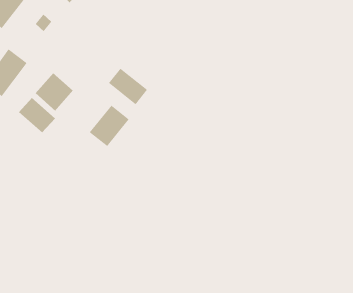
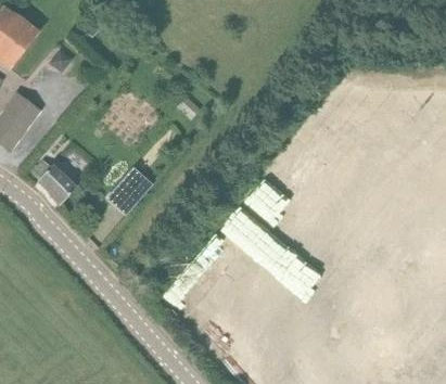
building: [108,68,148,105] -> none
building: [35,72,74,111] -> none

